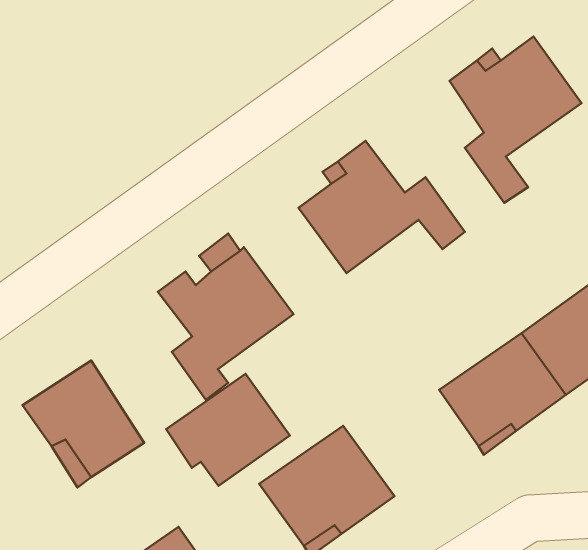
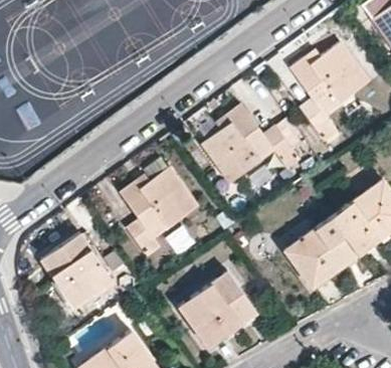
building: [166,374,290,486] -> none

